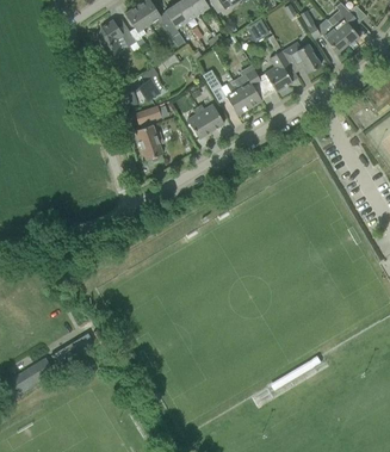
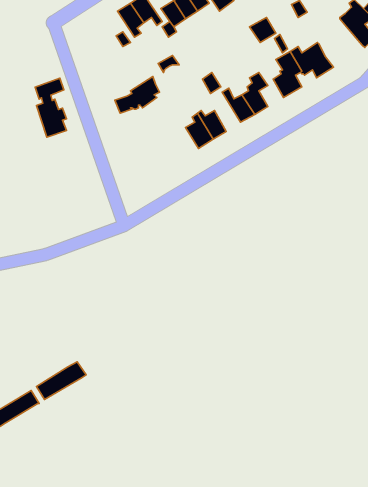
building: [307,18,348,52] -> none
building: [99,19,123,57] -> none
building: [135,105,163,159] -> [35,78,66,137]

